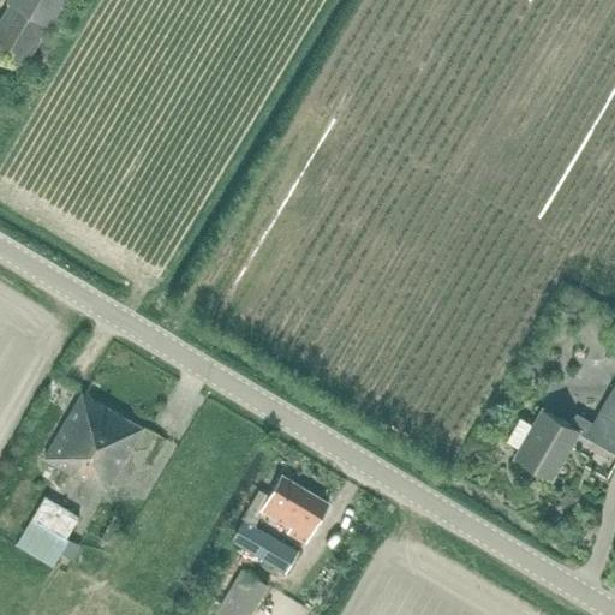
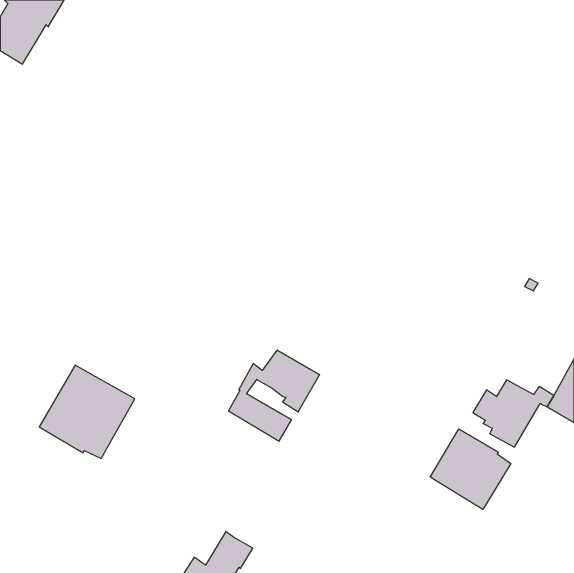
building: none -> [430,429,511,509]
building: [231,477,328,574] -> [229,350,320,441]
building: [14,497,79,568] -> none

